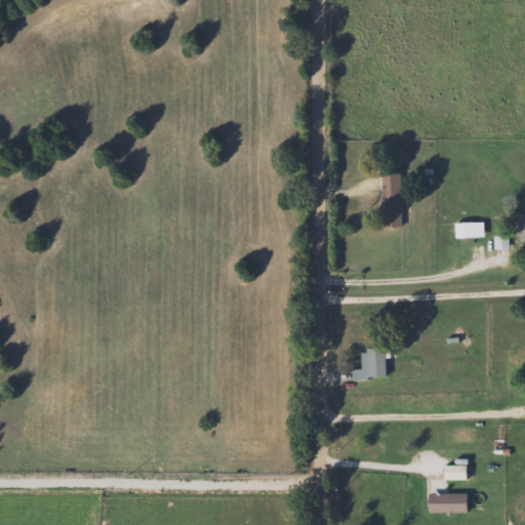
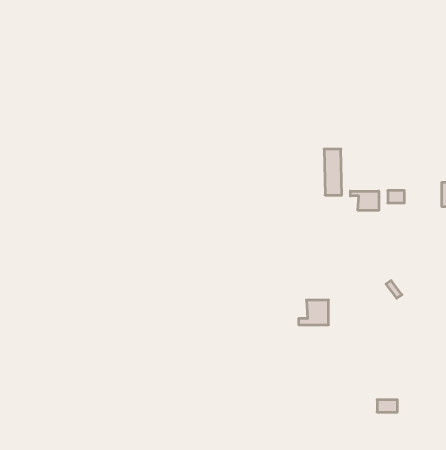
building: none -> [350,191,379,210]
building: [428,493,468,512] -> none

